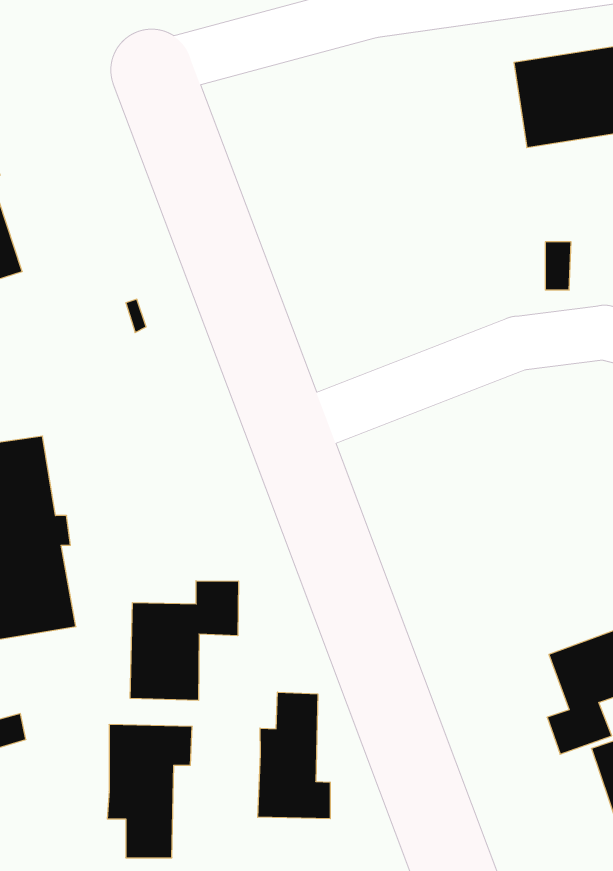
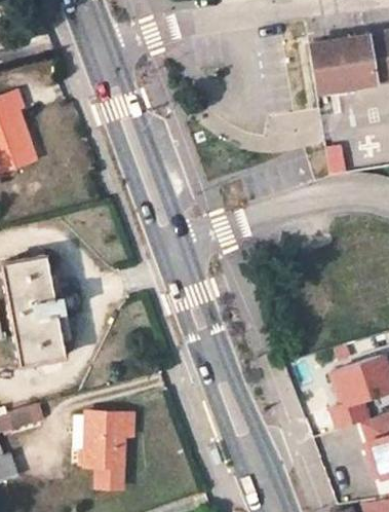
building: [130,581,238,700] -> none
building: [258,692,330,819] -> none

